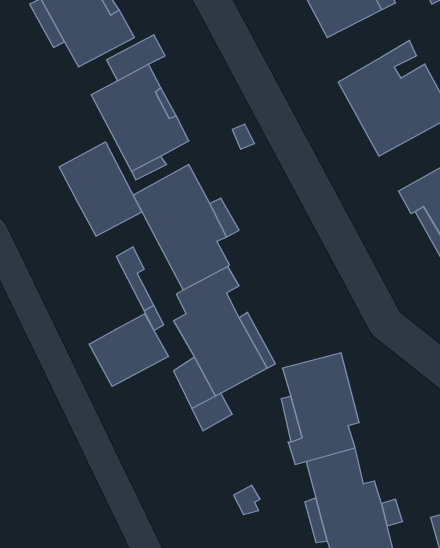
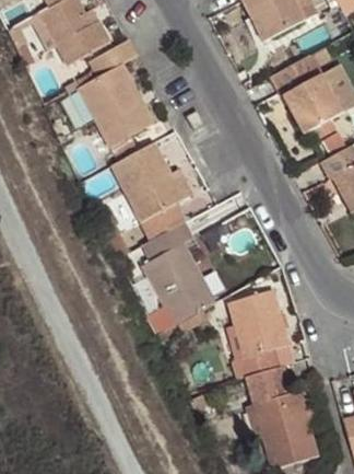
building: [59,142,142,236] -> none
building: [89,314,169,386] -> none

